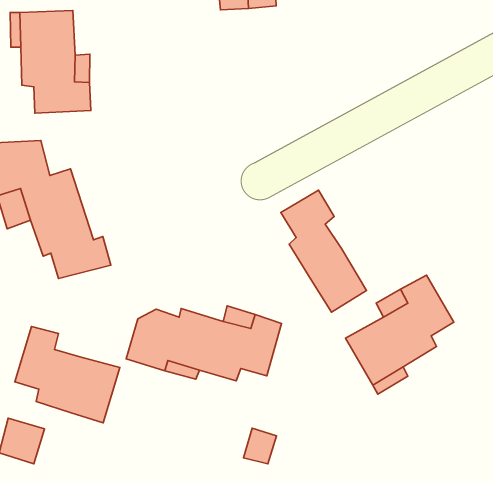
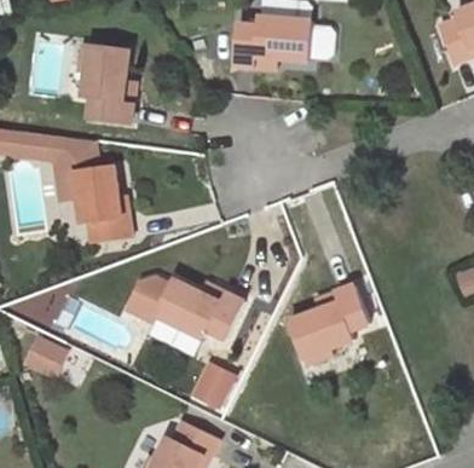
building: [281,190,367,312] -> none
building: [15,326,120,423] -> none

